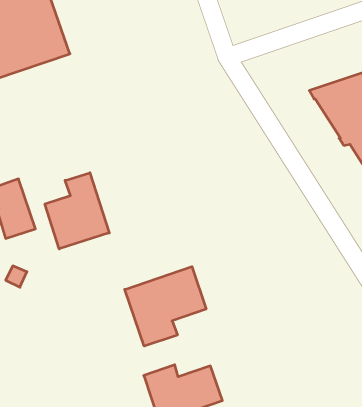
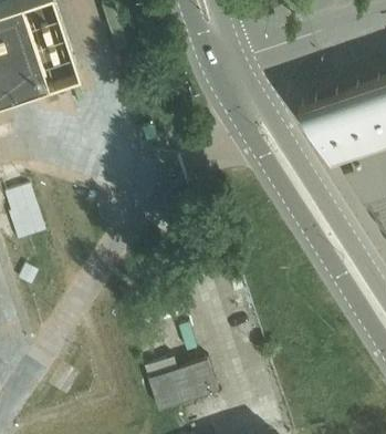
building: [45,173,109,249] -> none
building: [125,267,206,346] -> none

